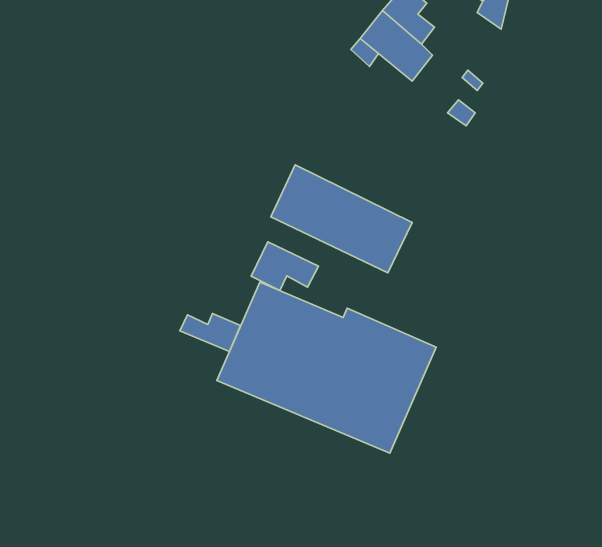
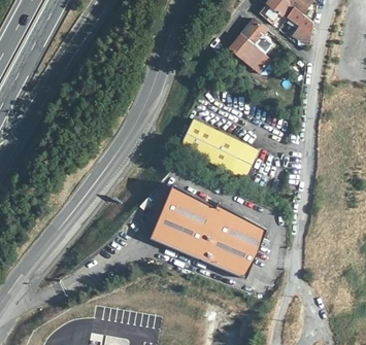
building: [251,242,319,291] -> none
building: [180,313,241,352] -> none

